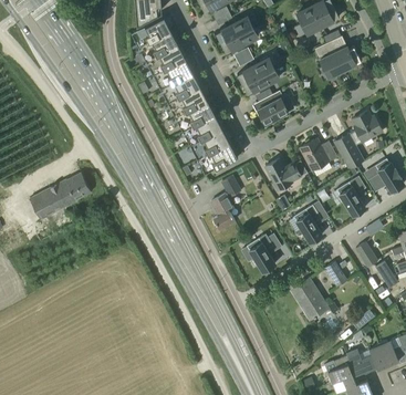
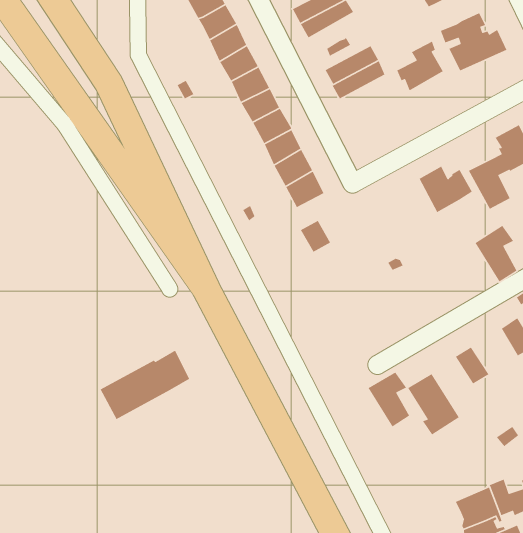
building: [256,91,288,125] -> [396,40,444,91]
building: [264,159,300,190] -> none
building: [30,173,91,220] -> [100,349,190,420]
building: [210,194,235,229] -> none
building: [295,206,324,245] -> none
building: [248,236,277,273] -> [367,371,410,427]

